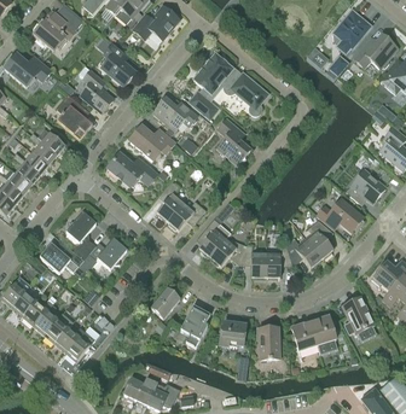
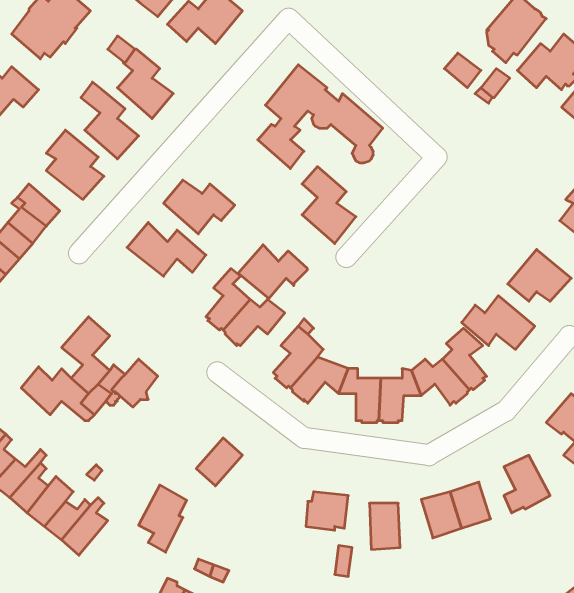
building: [152,97,197,130] -> none
building: none -> [238,245,307,299]
building: [179,304,209,346] -> [139,485,187,552]

